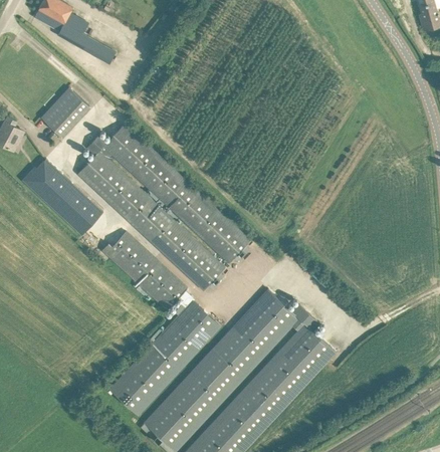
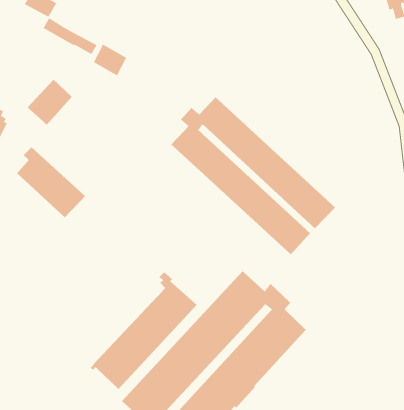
building: none -> [93,44,127,76]
building: [76,123,250,289] -> [170,97,336,255]
building: [101,230,187,308] -> none

